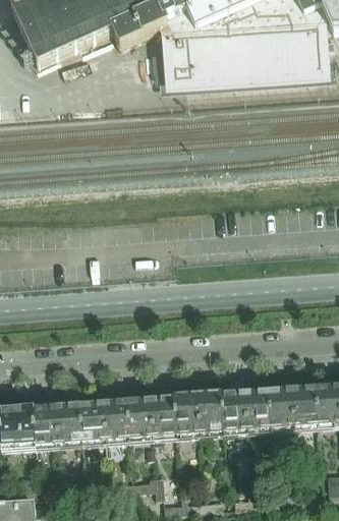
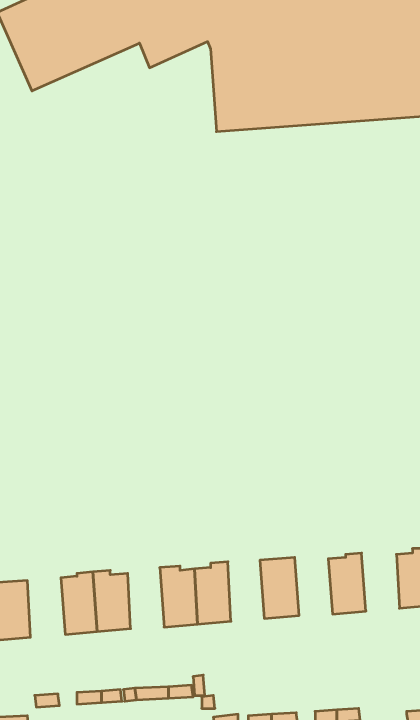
building: [269,387,295,428] -> none
building: [222,390,248,431] -> none
building: [175,393,201,436] -> none
building: [105,398,130,441] -> none
building: [35,404,61,447] -> none

